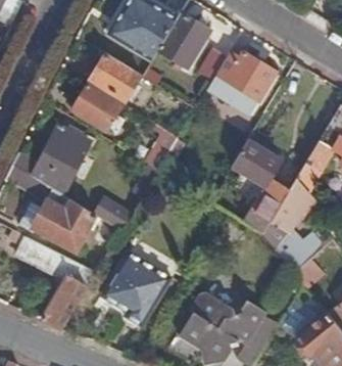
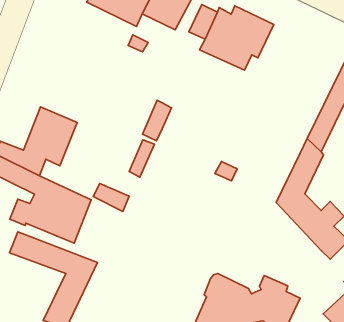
building: [91,55,140,100] -> none
building: [72,84,123,131] -> none
building: [231,142,288,233] -> none
building: [100,251,169,326] -> none

